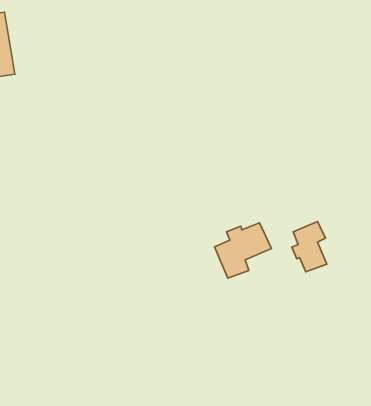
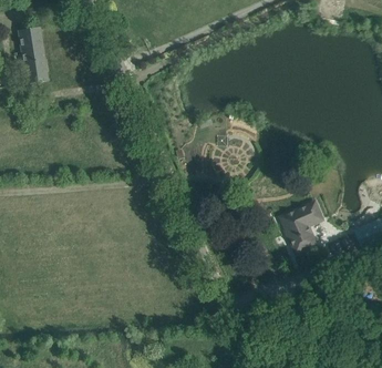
building: [214,223,272,278] -> none

